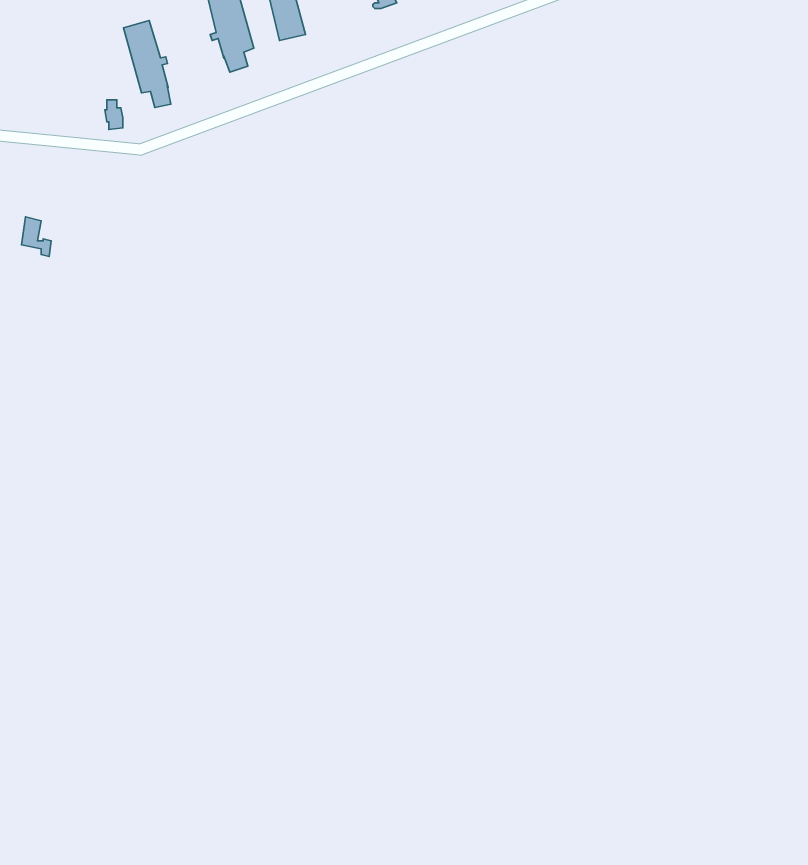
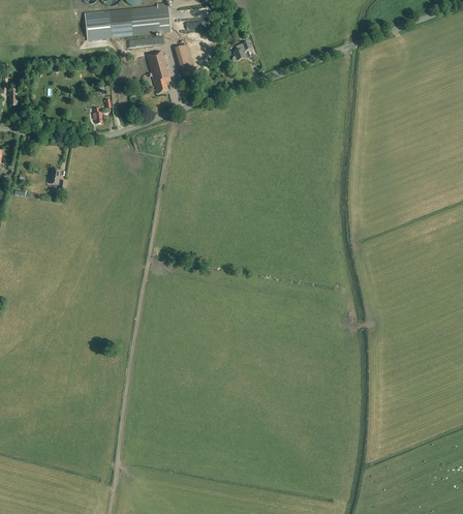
building: [123,21,171,107] -> none

